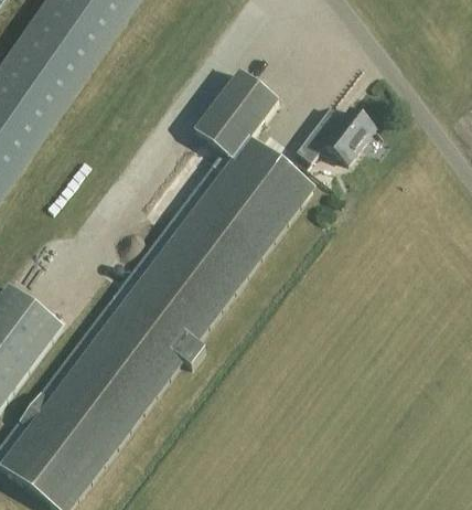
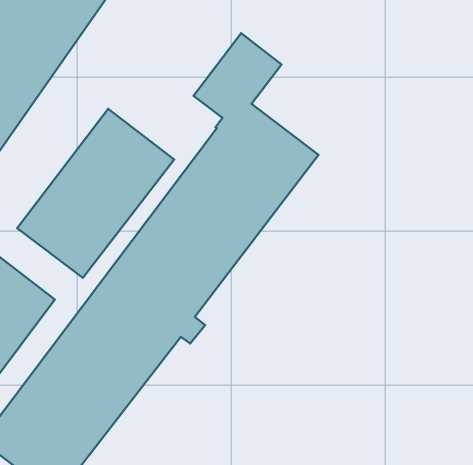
building: [298,106,376,161] -> none
building: none -> [17,109,174,278]

